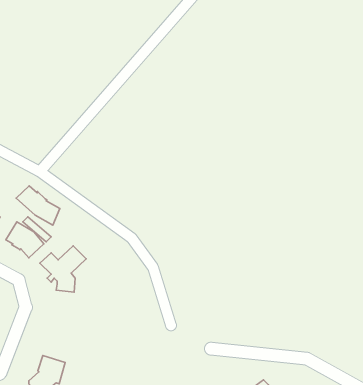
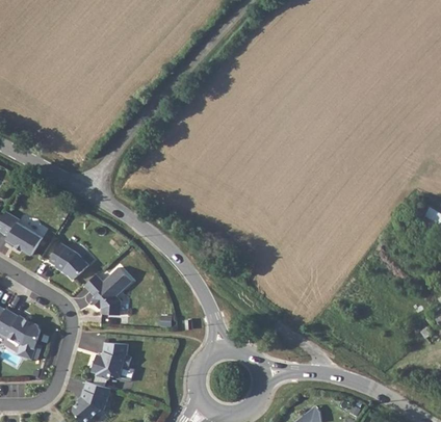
building: [16,186,60,225] -> none
building: none -> [92,342,131,379]

